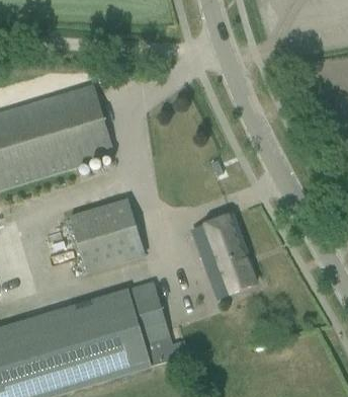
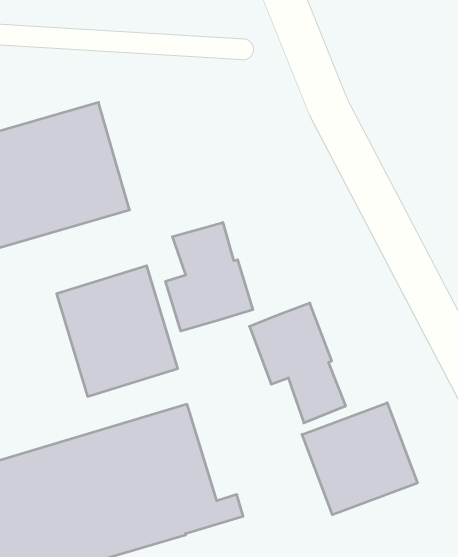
building: none -> [166,222,253,331]
building: none -> [302,403,417,515]

